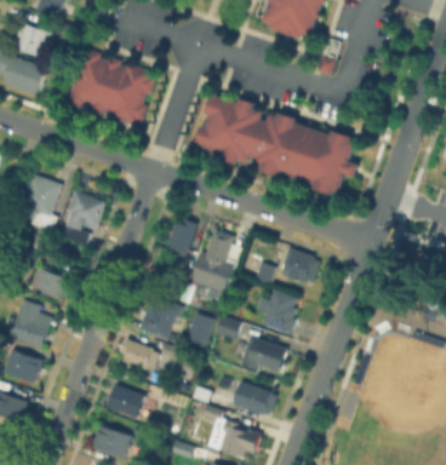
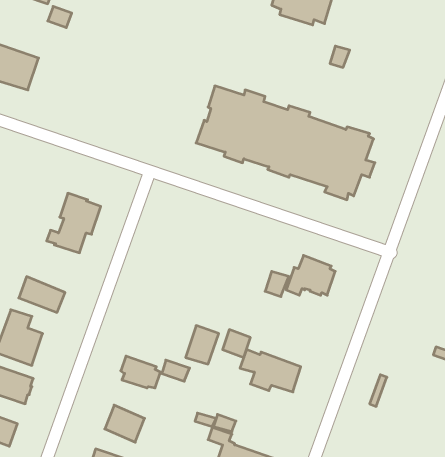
building: [18,24,55,59] -> none
building: [64,48,153,126] -> none
building: [18,174,62,252] -> none
building: [167,219,199,258] -> none
building: [191,232,236,294] -> none
building: [257,291,298,335] -> none
building: [141,298,184,339] -> none
building: [230,381,278,417] -> none

